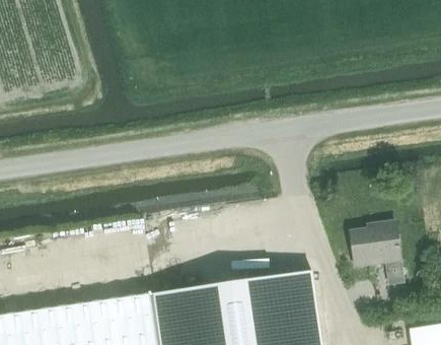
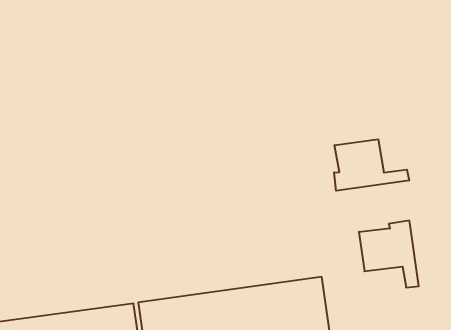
building: none -> [334,139,409,191]

